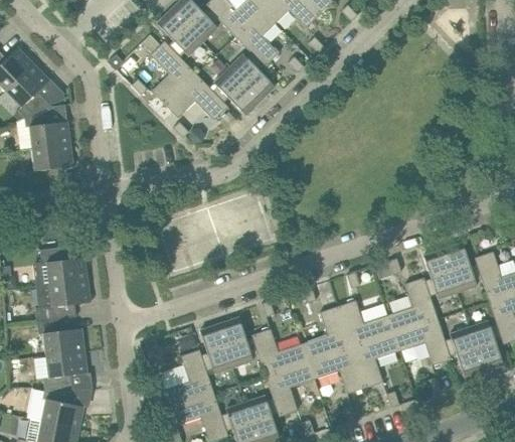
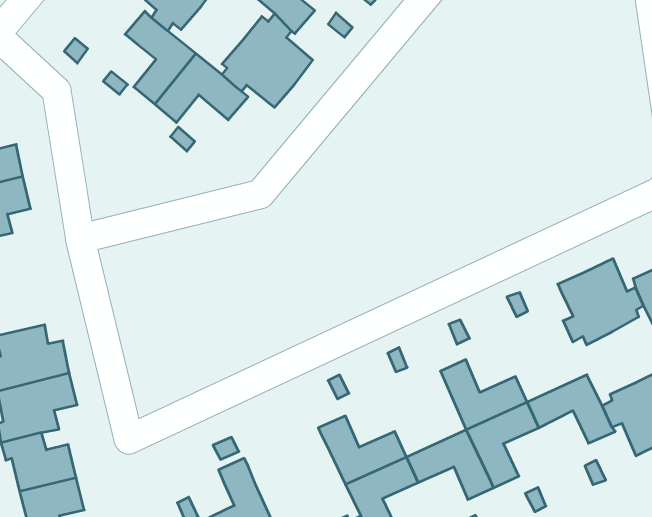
building: [388,277,437,332] -> none
building: [303,305,351,360] -> none
building: [200,316,258,372] -> none

